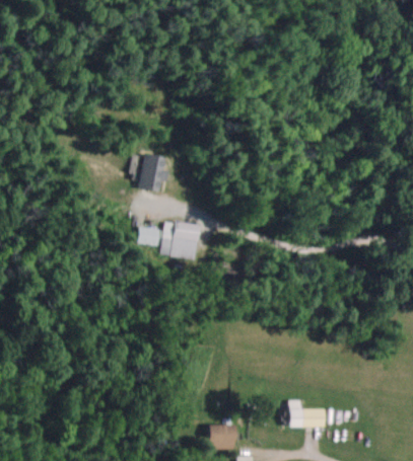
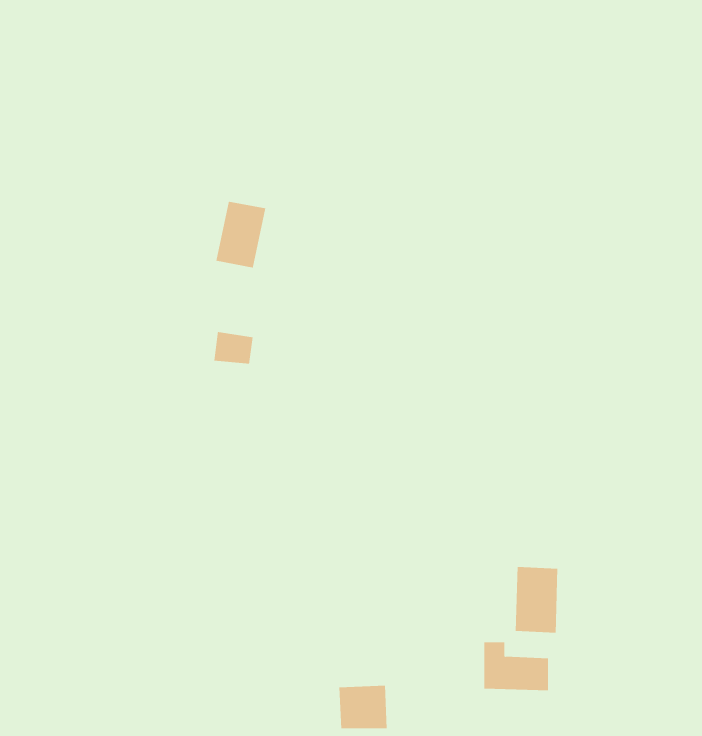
building: [161,221,199,258] -> none
building: none -> [515,566,558,634]

